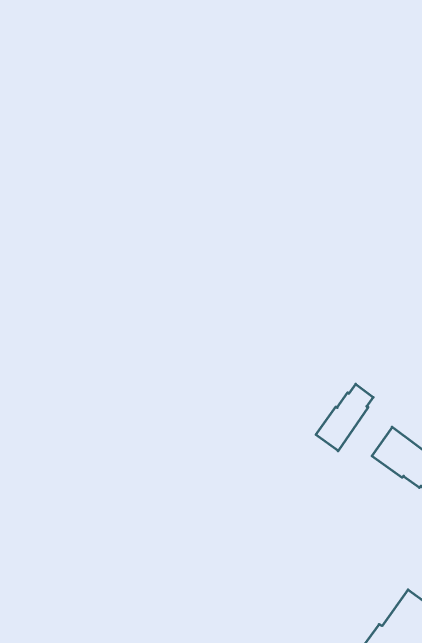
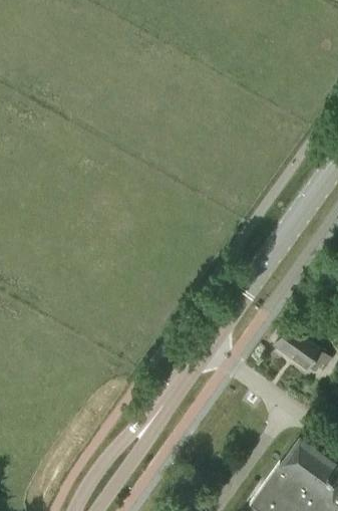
building: [316,384,373,451] -> none

